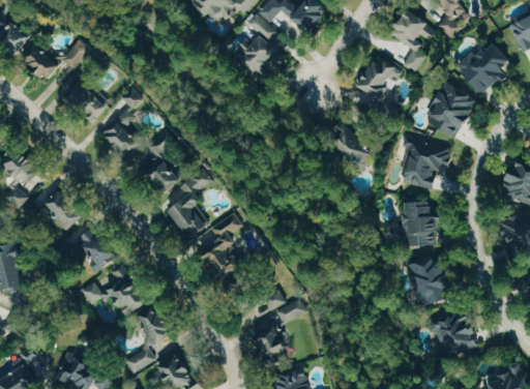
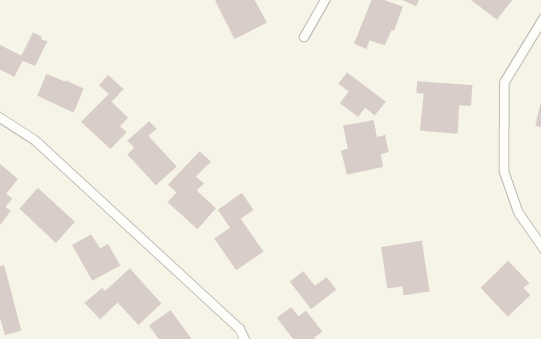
building: [423,83,477,140] -> none
building: [395,203,439,248] -> [340,119,390,175]
building: [405,257,443,303] -> [380,240,430,296]

